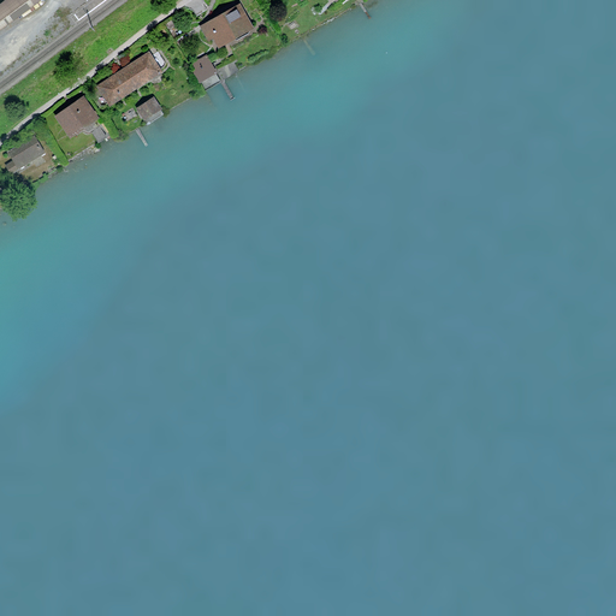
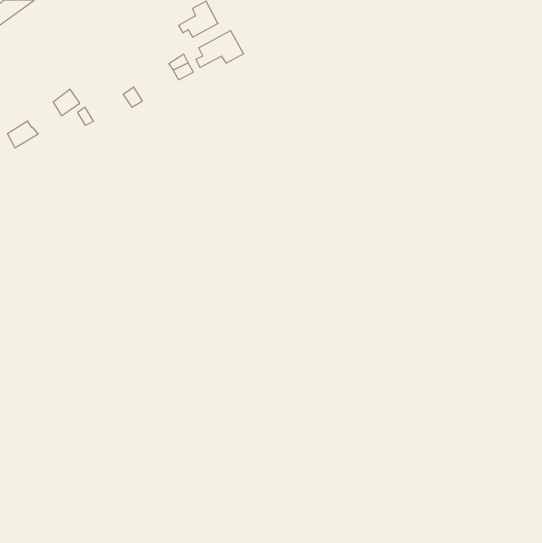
building: none -> [196,31,244,67]
building: [97,54,159,103] -> none

